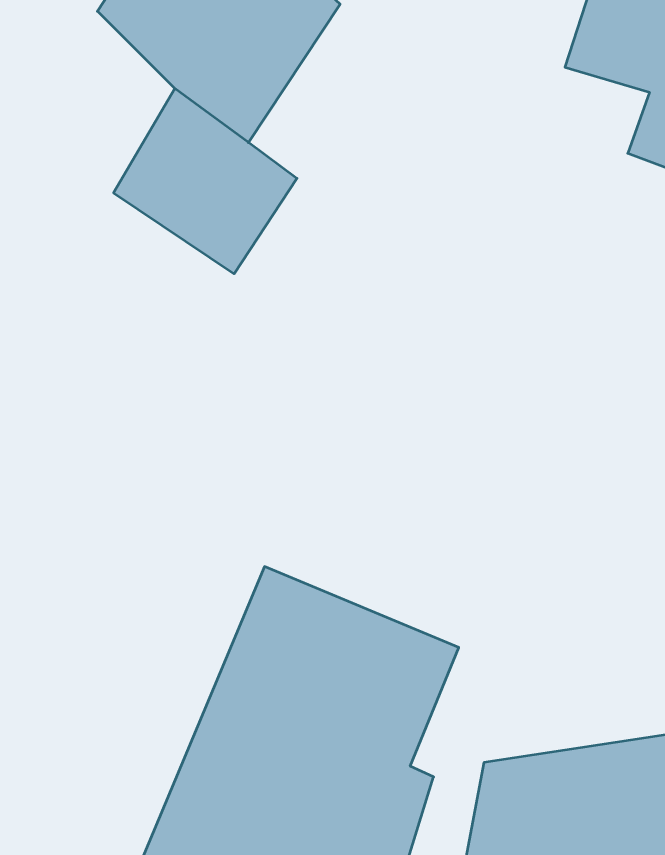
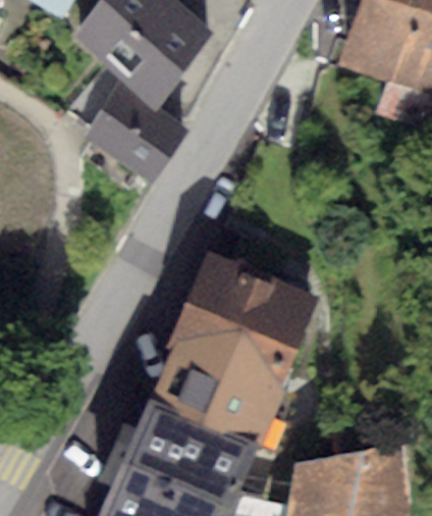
building: none -> [164,250,319,396]

